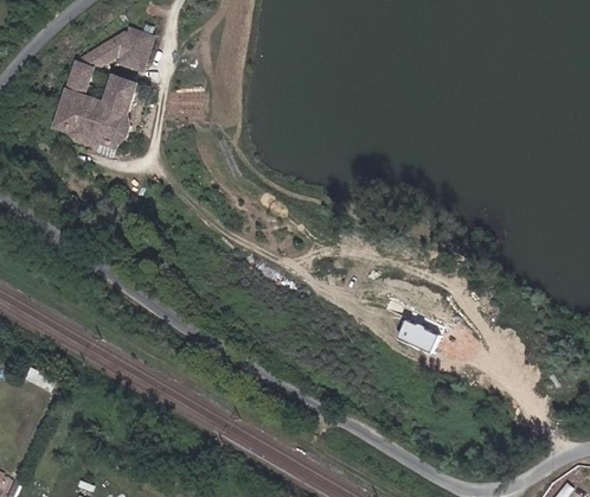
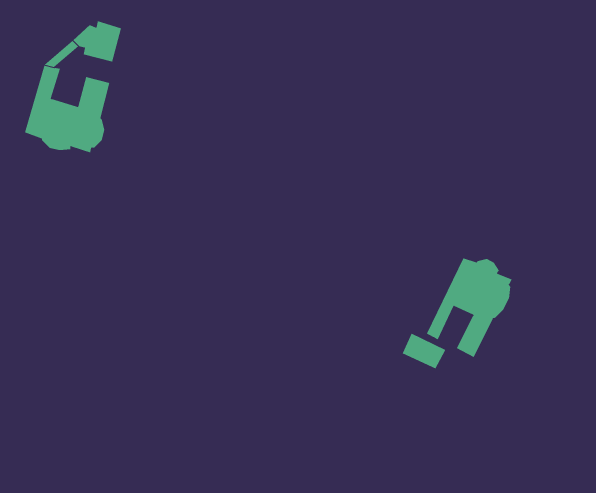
building: none -> [426,257,512,358]

